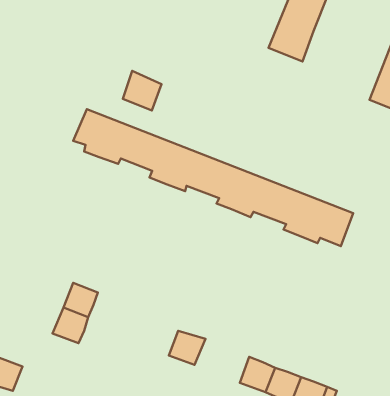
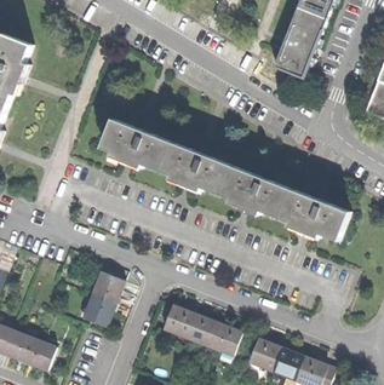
building: [123,71,162,110] -> none
building: none -> [162,306,193,338]
building: none -> [207,323,239,355]

